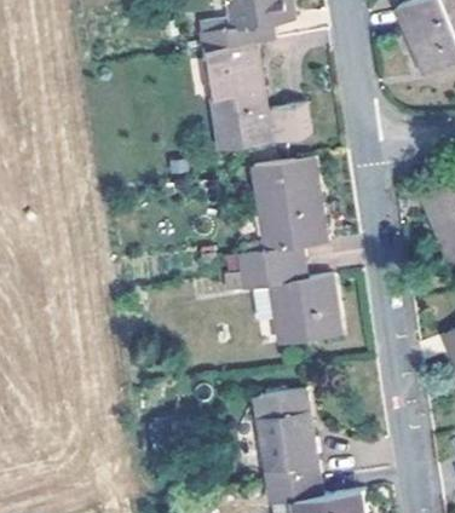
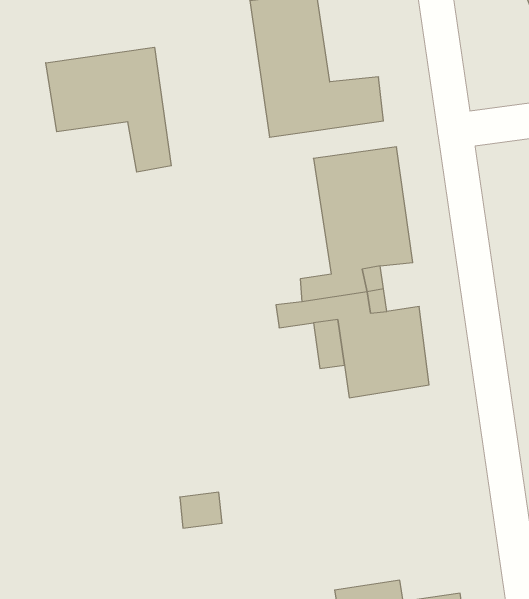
building: none -> [46,47,171,172]
building: [254,387,316,485] -> none

